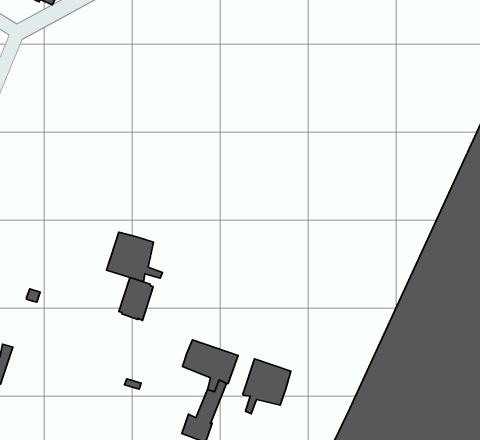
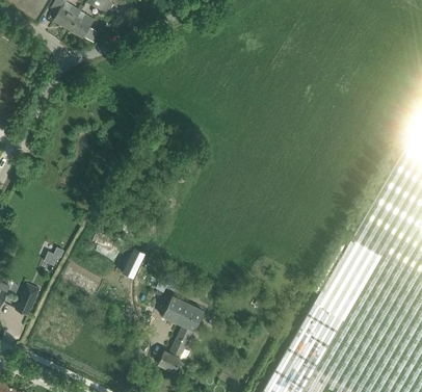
building: [107,232,163,281] -> none
building: [243,359,291,414] -> none

